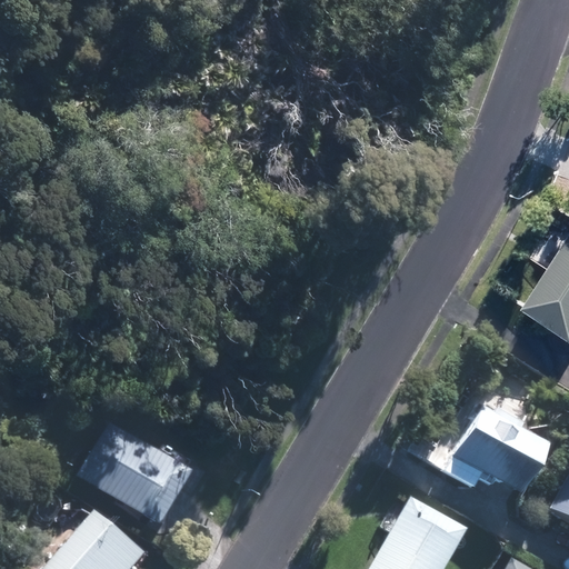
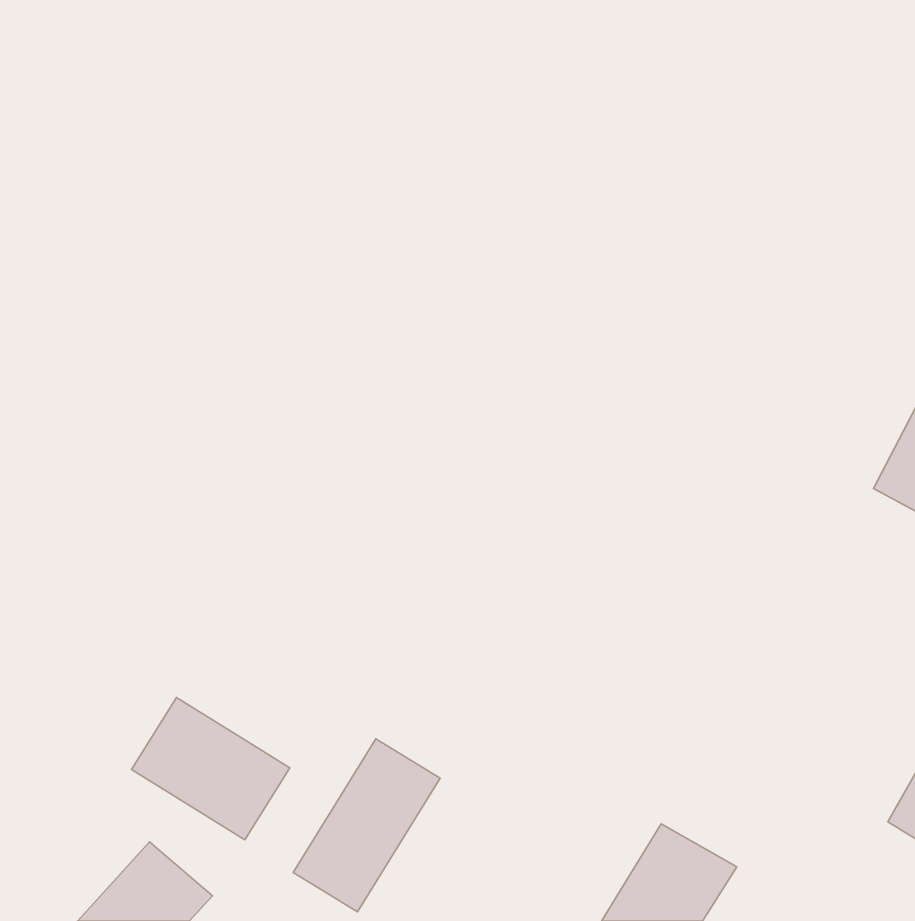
building: [456,409,541,486] -> none
building: none -> [293,739,440,912]

